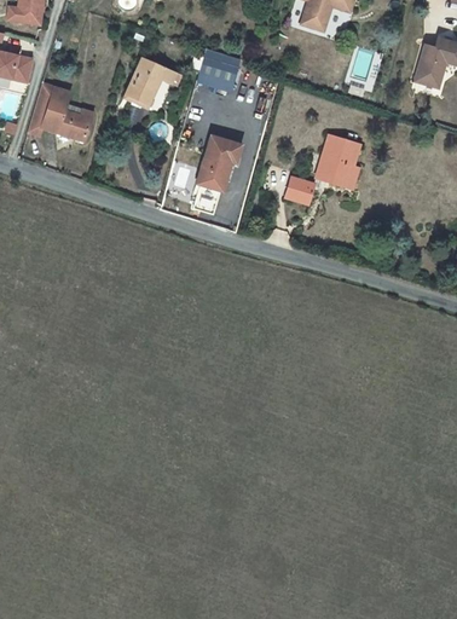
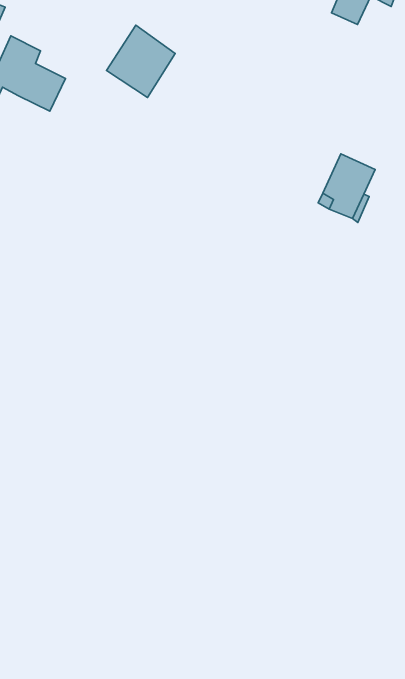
building: [201,50,243,89] -> none
building: [196,140,241,219] -> none
building: [285,180,314,207] -> none

